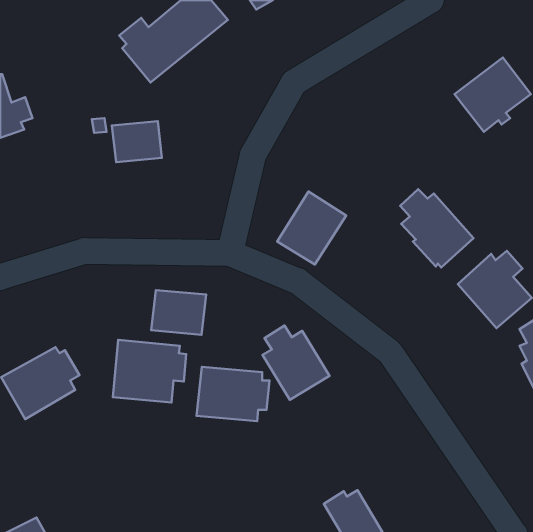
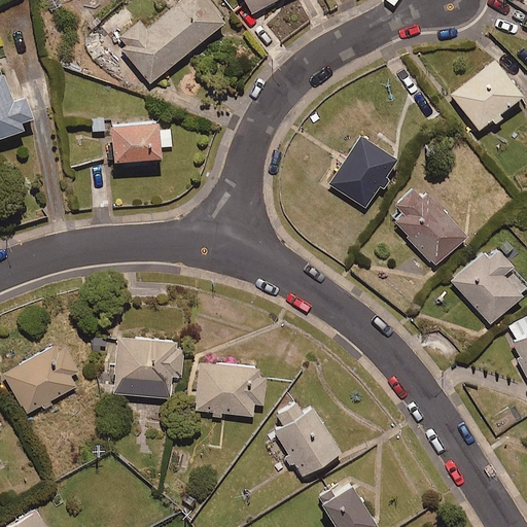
building: [277,191,346,265] -> [329,136,397,208]
building: [151,290,206,335] -> none
building: [263,326,329,400] -> [275,402,341,476]

